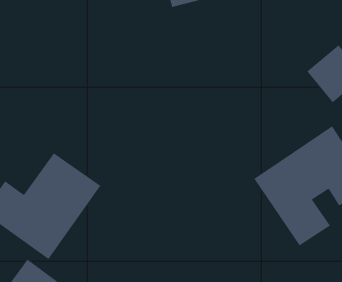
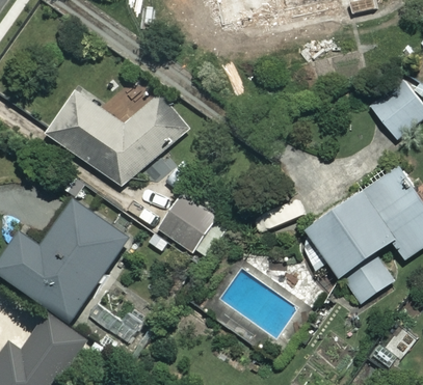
building: none -> [42,87,191,186]
building: none -> [160,195,216,252]

